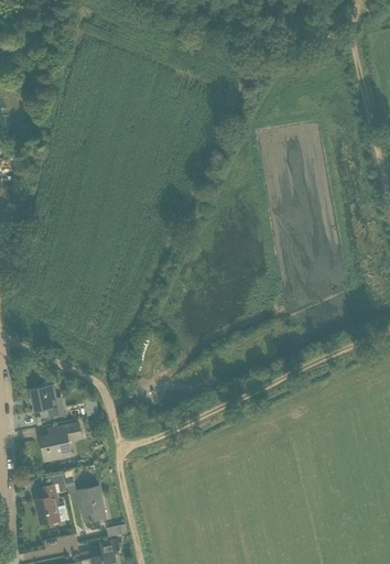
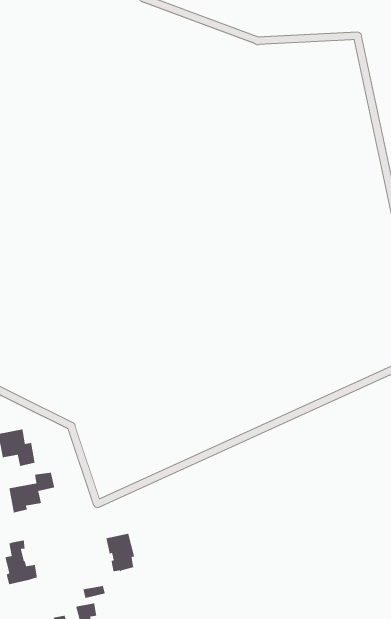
building: [77,486,105,521] -> [105,533,136,572]

